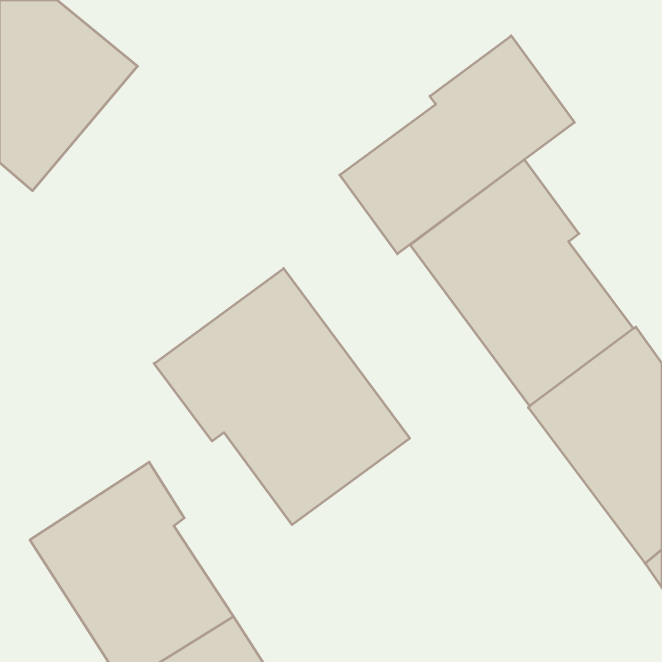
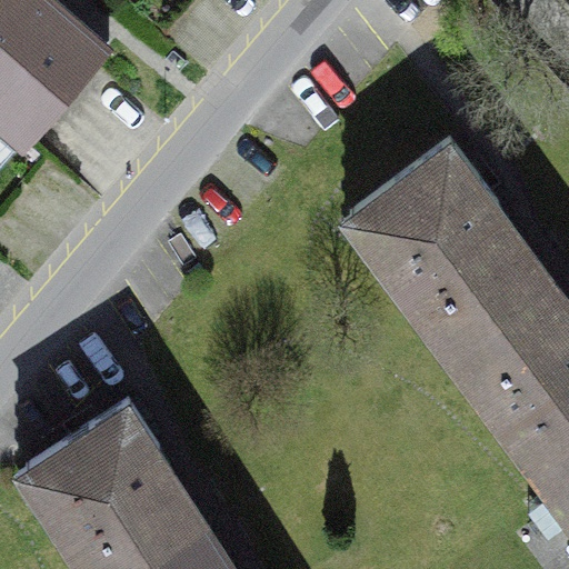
building: [340,36,574,254] -> none
building: [154,268,410,525] -> none

